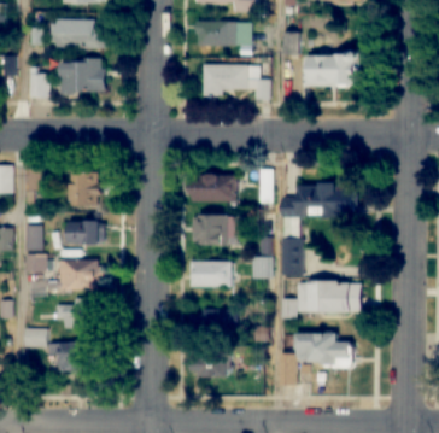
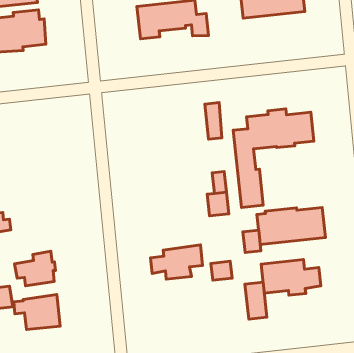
building: [69,169,103,205] -> none
building: [191,170,236,203] -> none
building: [192,212,239,245] -> none
building: [65,217,106,244] -> none
building: [55,258,105,289] -> none
building: [189,259,232,286] -> none
building: [187,350,232,376] -> none

